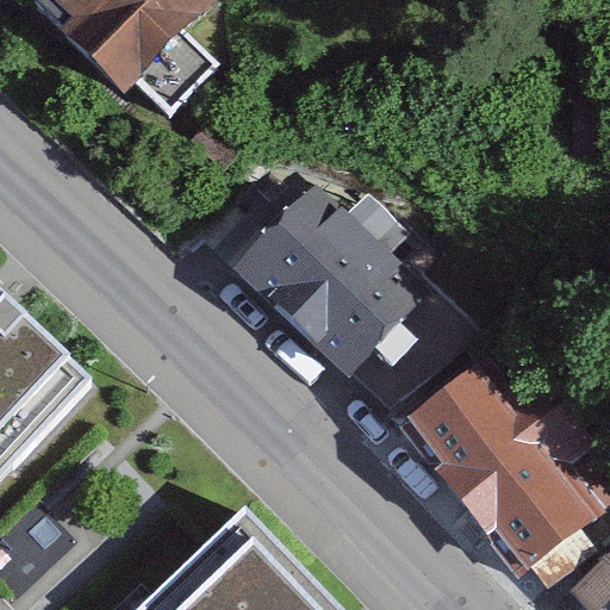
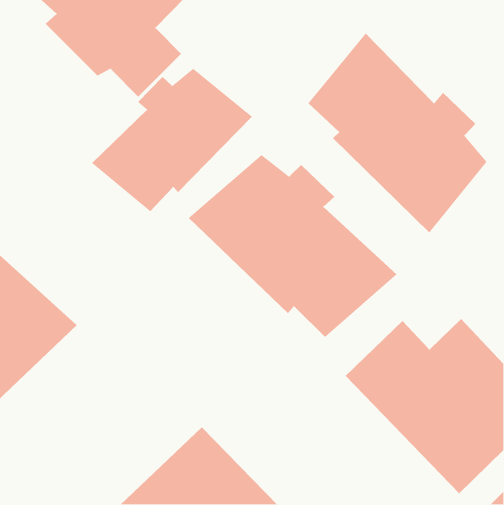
building: none -> [308,32,487,233]
building: none -> [91,68,253,212]

